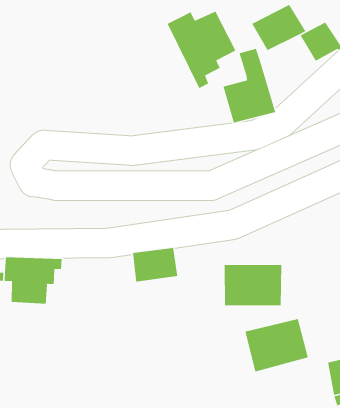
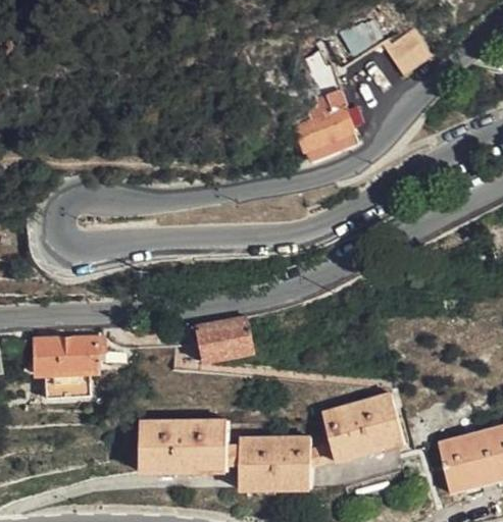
building: [167,10,236,89] -> none
building: [224,264,282,306] -> [251,435,324,490]
building: none -> [147,423,241,477]

